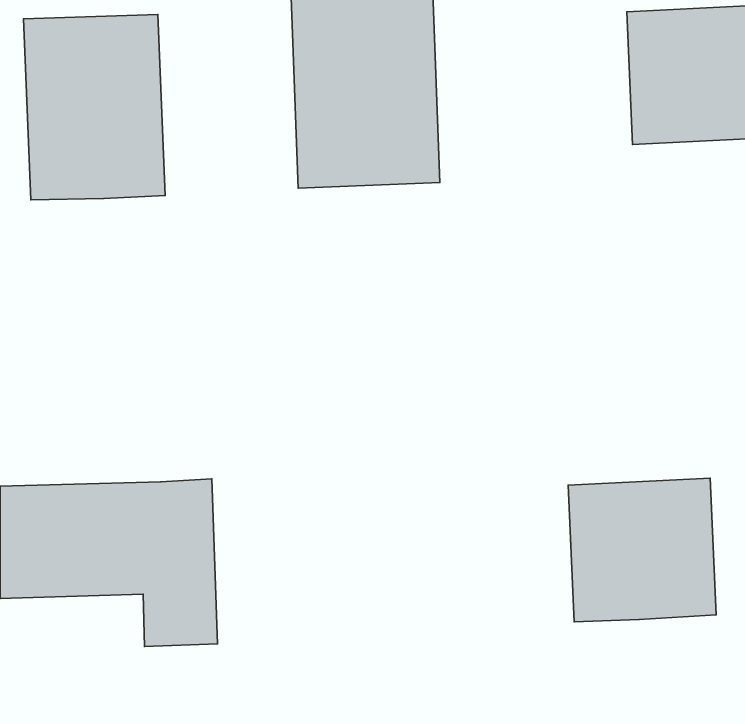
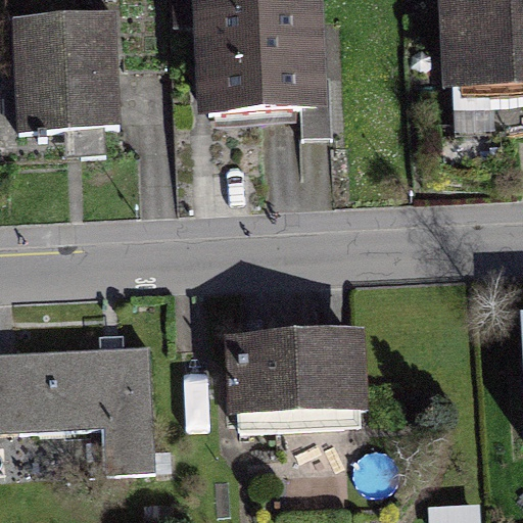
building: none -> [232,331,360,429]
building: [568,478,716,622] -> none

